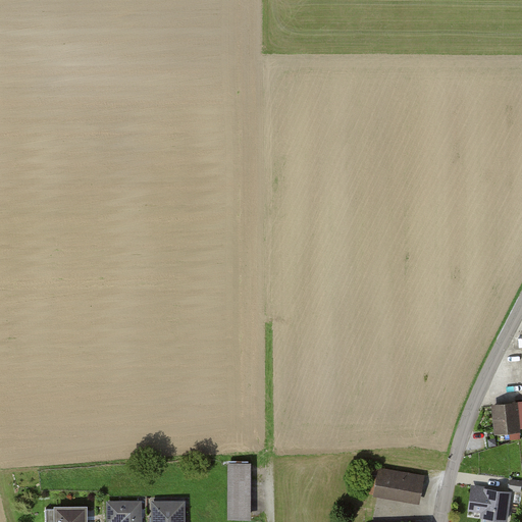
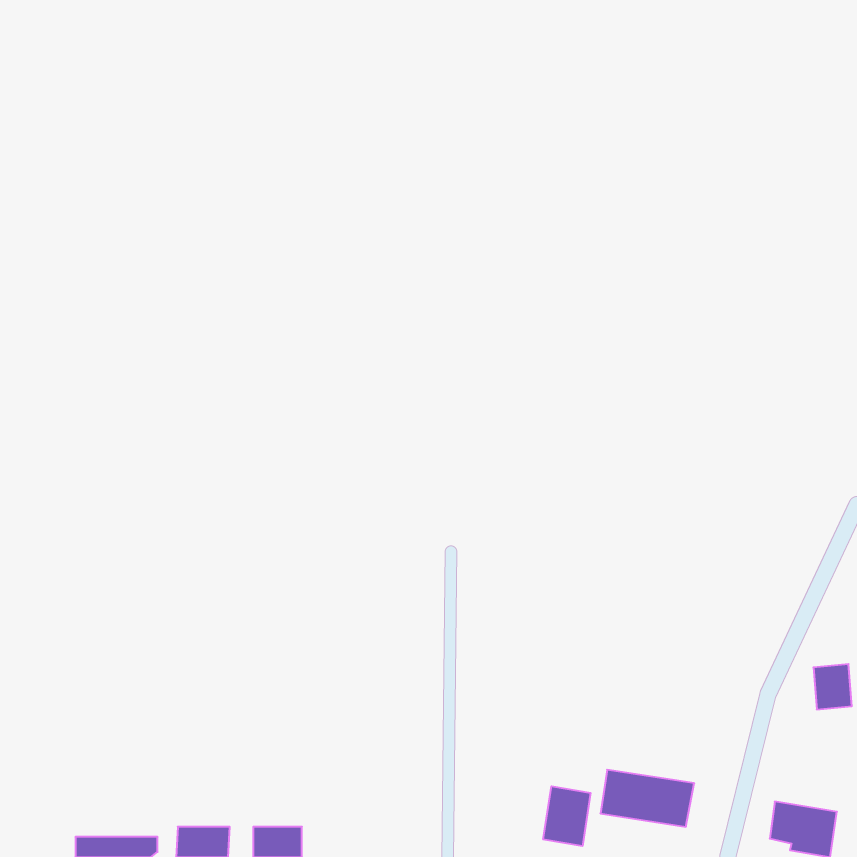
building: [230,465,249,517] -> none
building: none -> [543,786,591,846]

